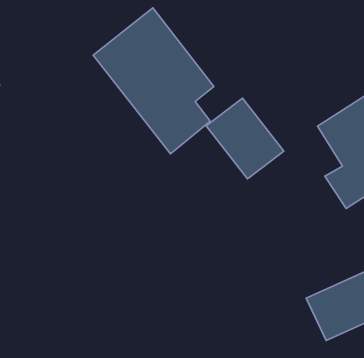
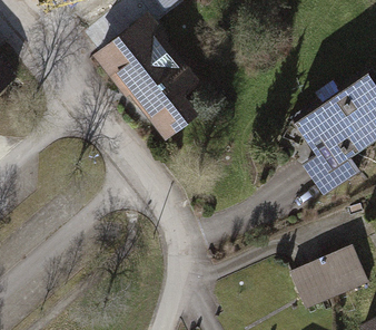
building: [206,98,284,179] -> none

